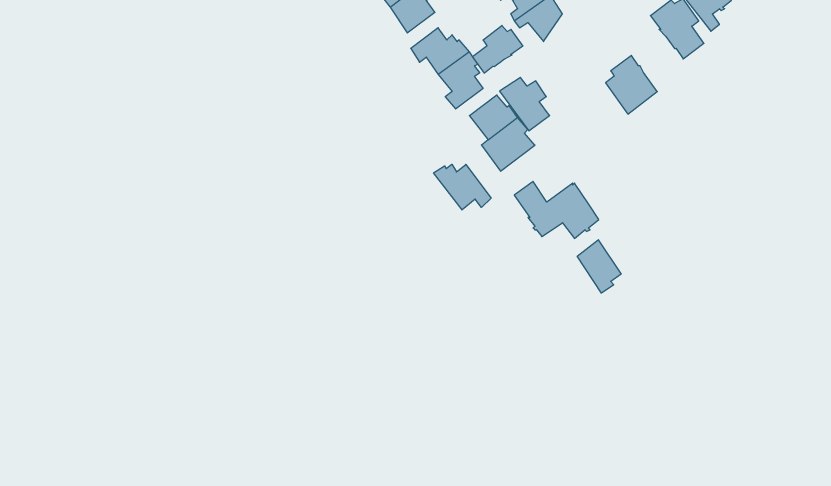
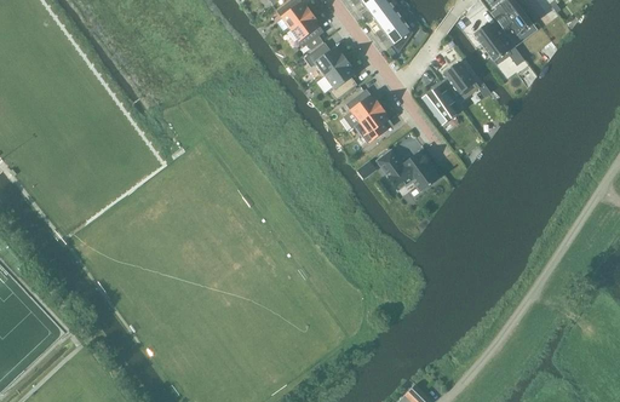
building: [473,25,523,73] -> none
building: [500,77,550,131] -> [421,86,457,124]
building: [434,164,491,210] -> none
building: [577,240,621,293] -> none

